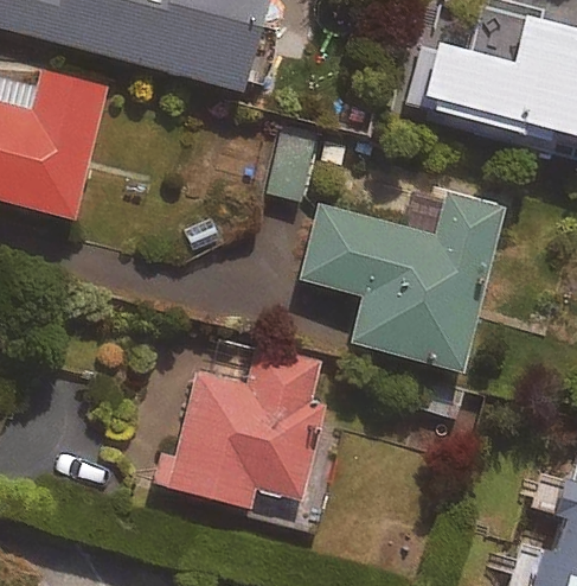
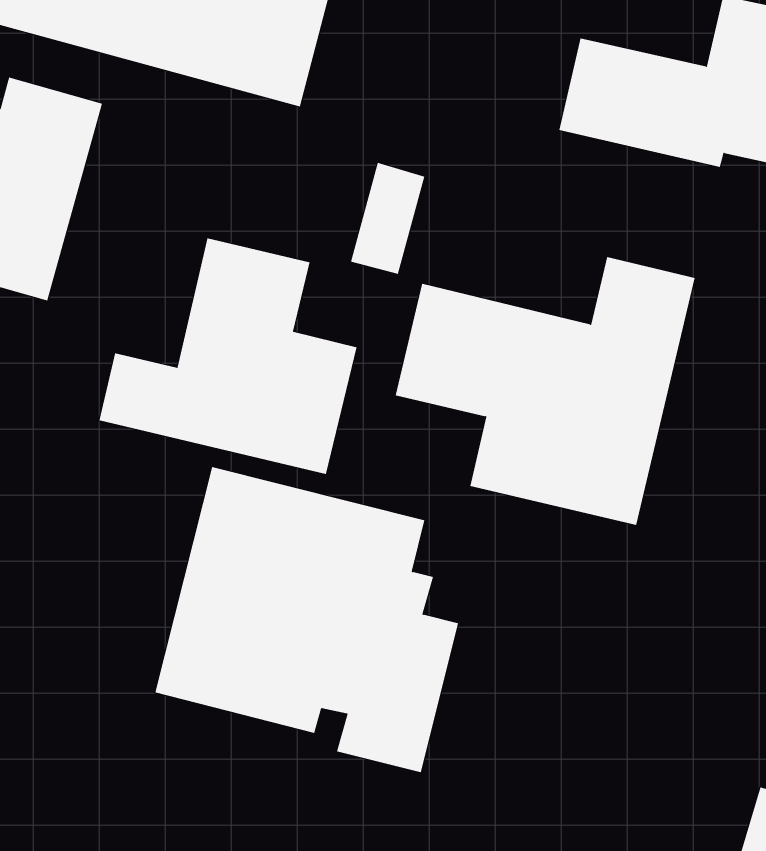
building: none -> [99,237,357,475]

